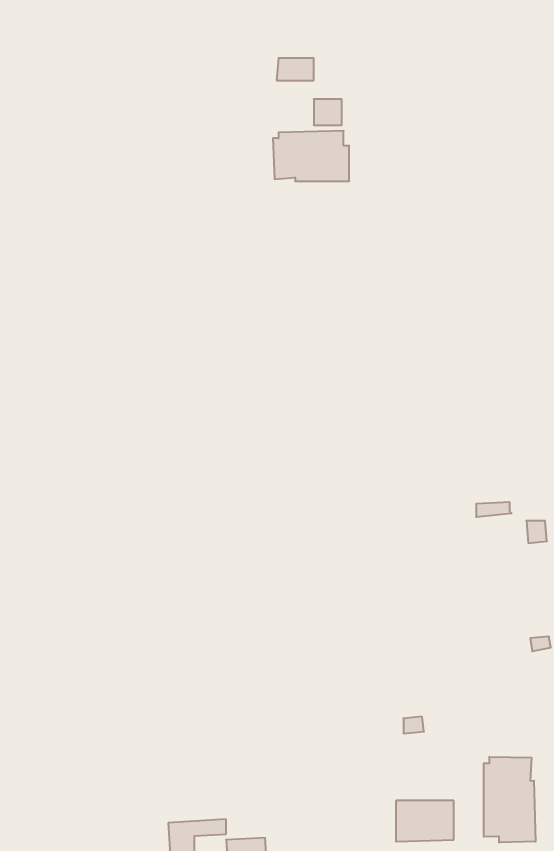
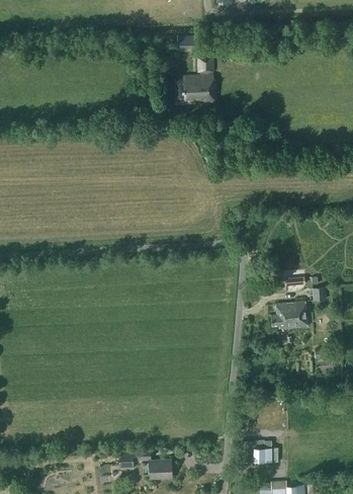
building: none -> [270,302,308,329]
building: [484,757,536,843] -> none

